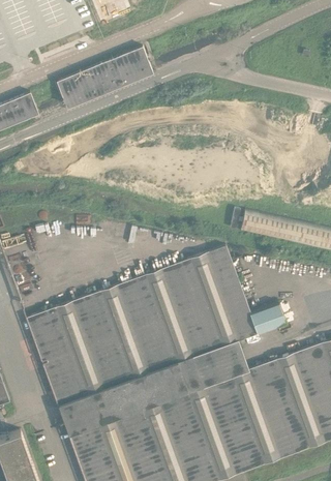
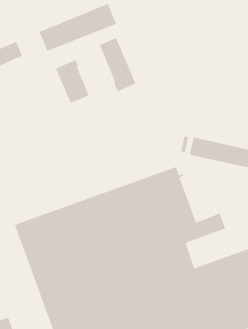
building: none -> [99,37,136,93]
building: none -> [55,59,90,104]

